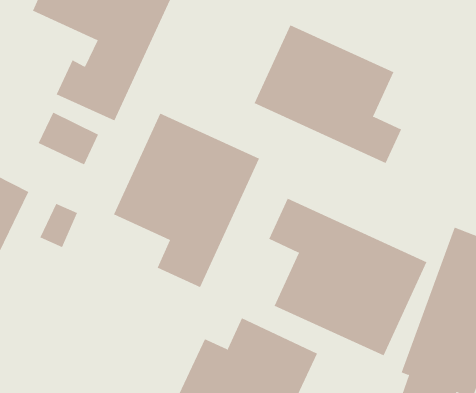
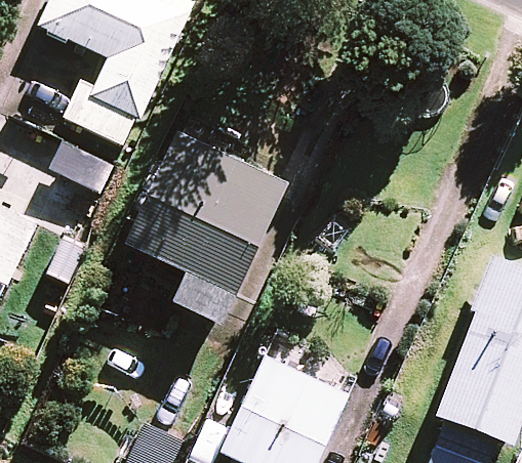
building: [254,24,402,164] -> none
building: [269,198,427,356] -> none

